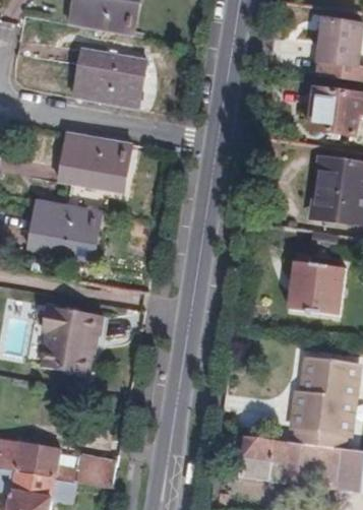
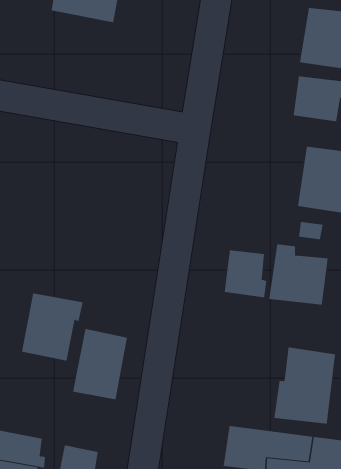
building: [72,47,145,109] -> none
building: [56,131,130,190] -> none
building: [26,198,100,258] -> none
building: none -> [224,250,267,298]
building: none -> [72,328,128,400]

